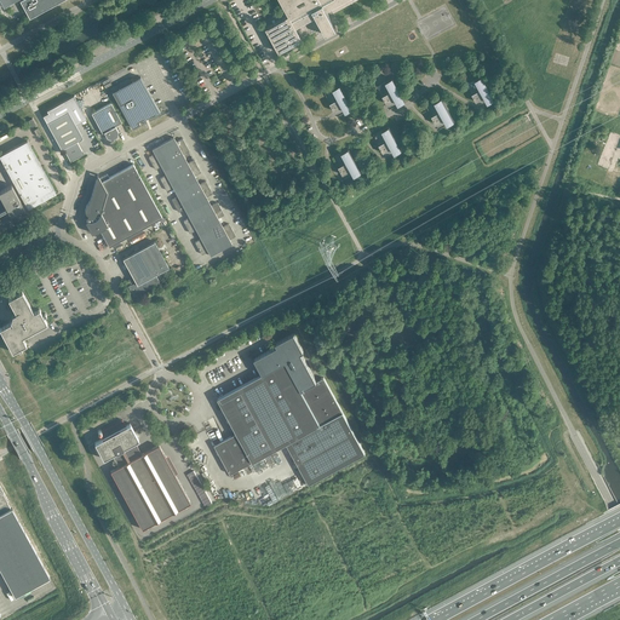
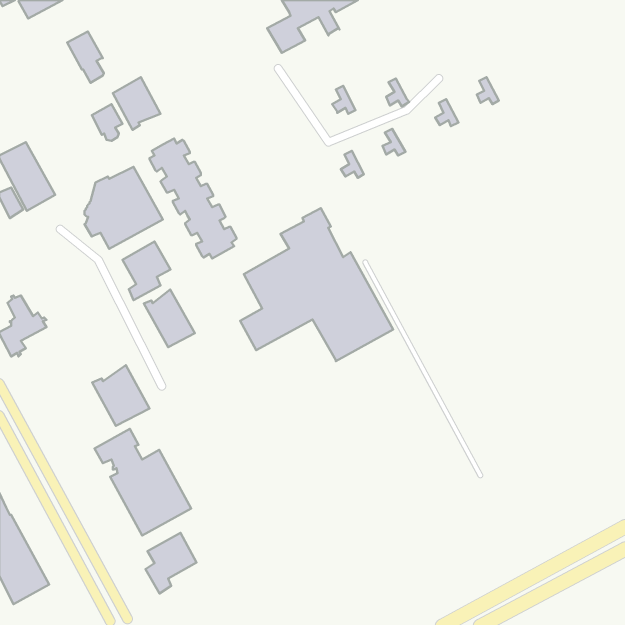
building: [46,113,82,163] -> [67,31,104,83]
building: none -> [144,290,195,347]
building: [213,334,364,486] -> [240,208,393,361]
building: none -> [92,365,150,426]
building: none -> [146,533,196,594]

